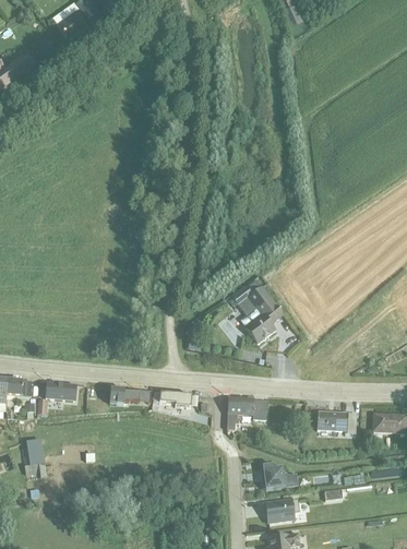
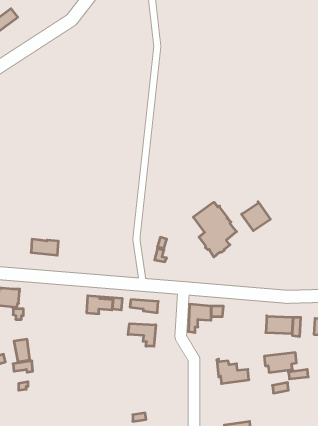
building: none -> [242,202,270,231]
building: [44,382,75,401] -> [31,239,58,255]
building: none -> [128,324,156,346]
building: [261,499,298,522] -> [264,353,296,372]

